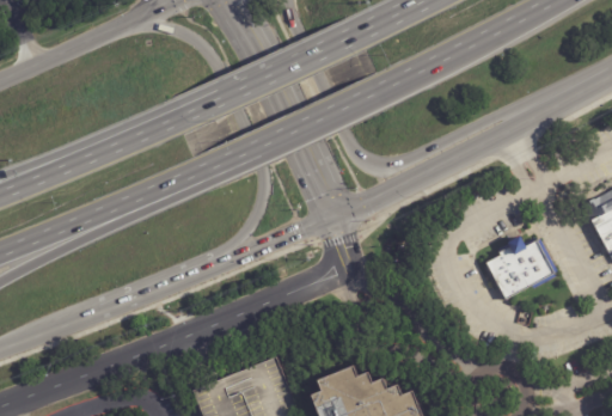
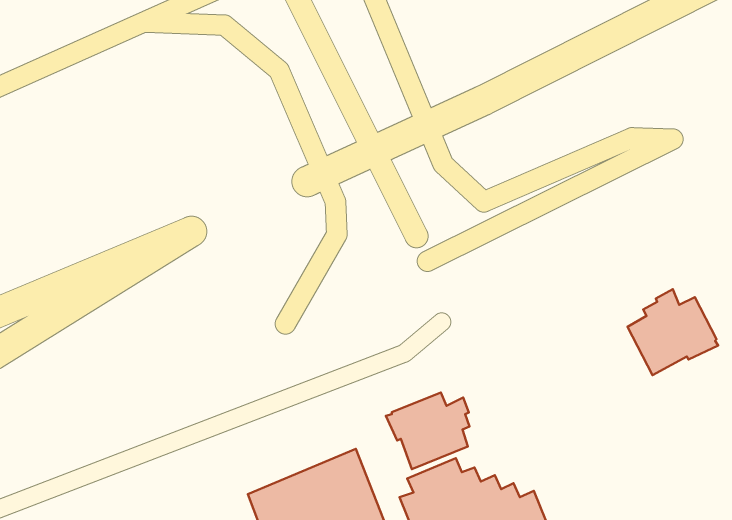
building: none -> [386,393,470,469]

